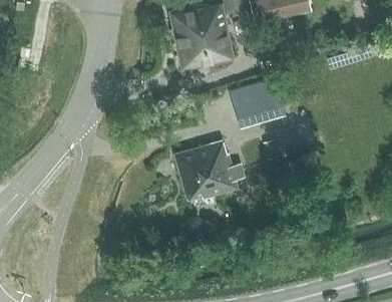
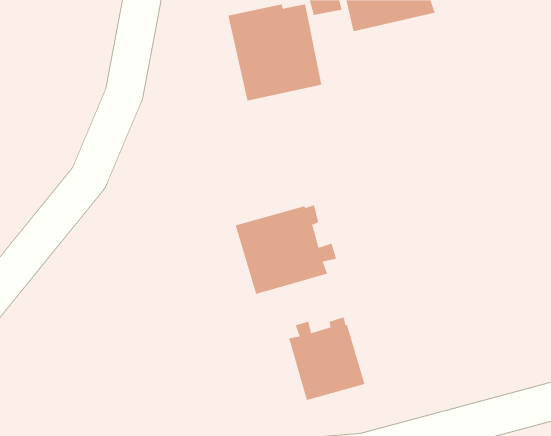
building: [231,85,286,128] -> none
building: none -> [289,316,365,401]

